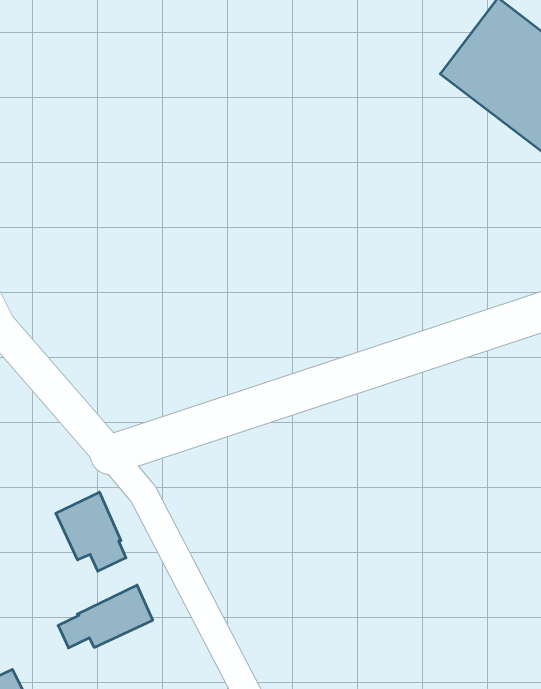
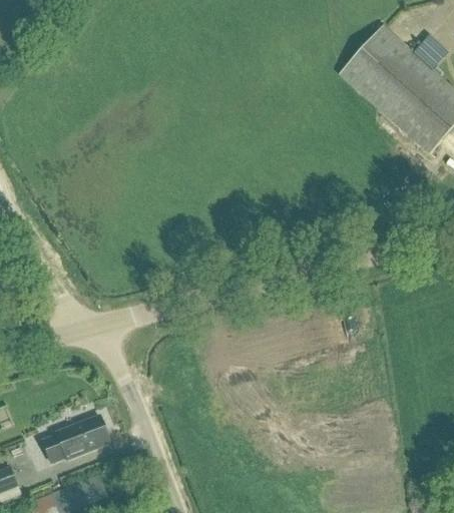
building: [56,492,126,571] -> none

